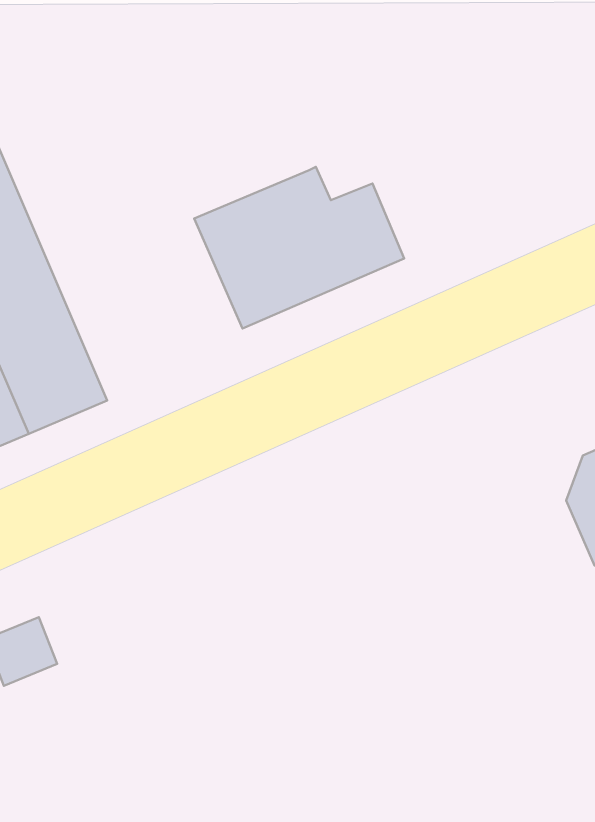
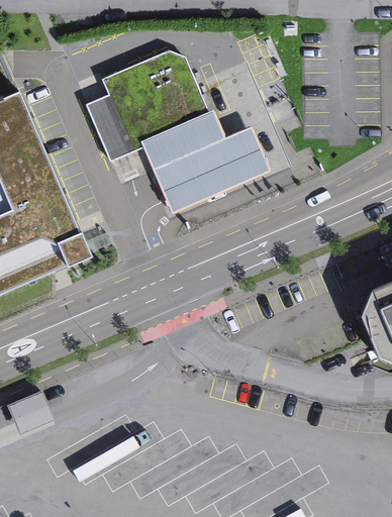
building: none -> [84,47,211,161]

